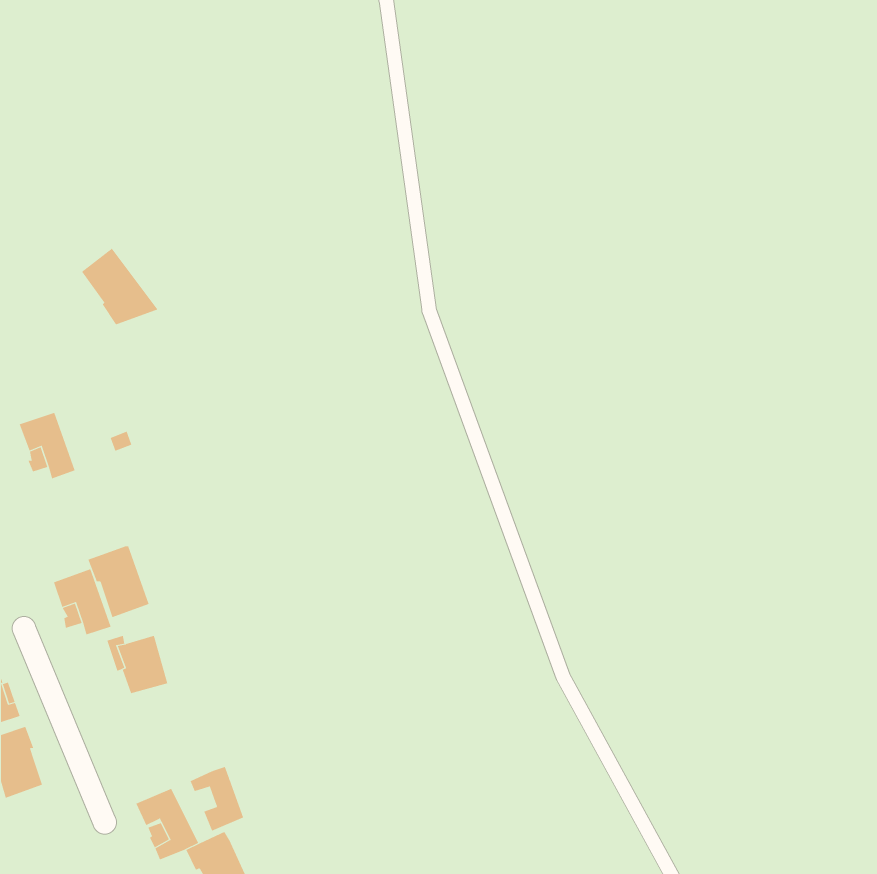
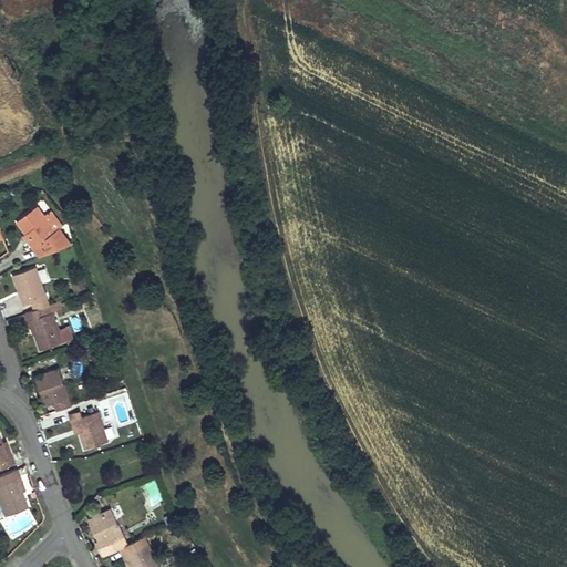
building: [81,248,159,325] -> [17,207,66,257]
building: [88,546,149,618] -> [24,306,64,352]
building: [190,766,244,832] -> none

